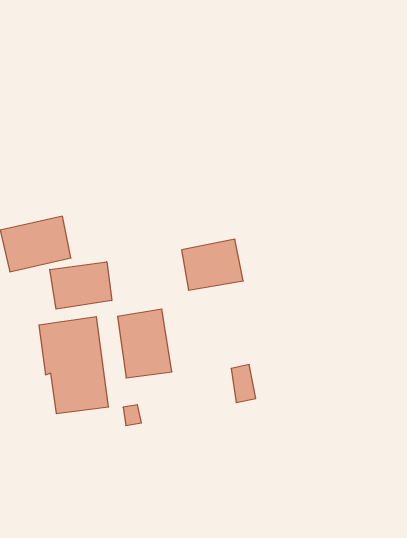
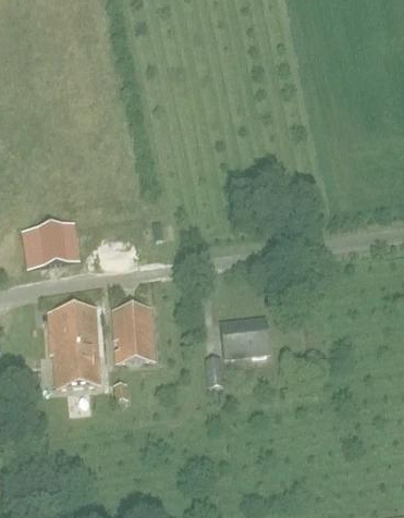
building: [182,239,243,290] -> [219,317,268,356]
building: [50,262,112,309] -> none

